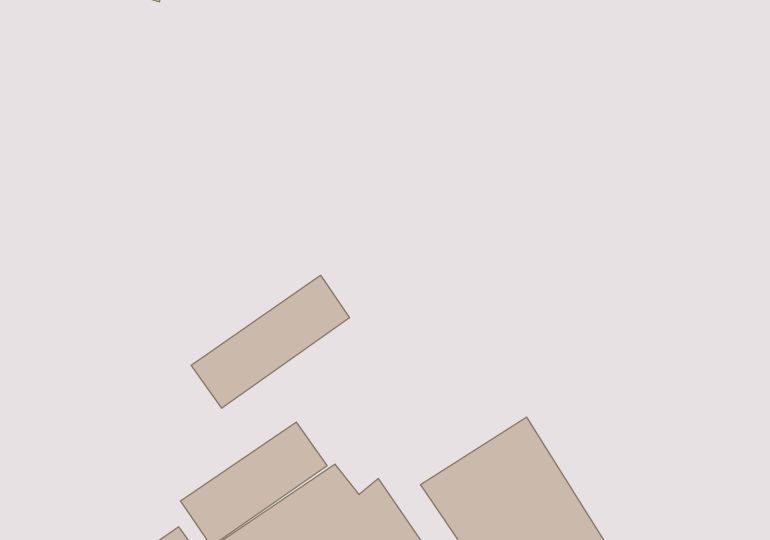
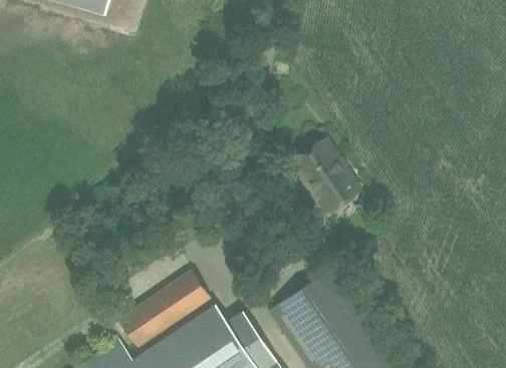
building: none -> [291,143,358,216]
building: [191,275,350,408] -> none

